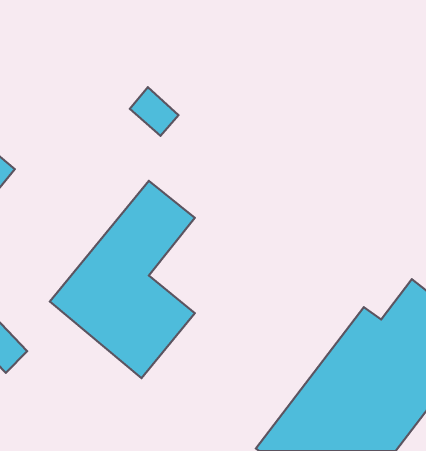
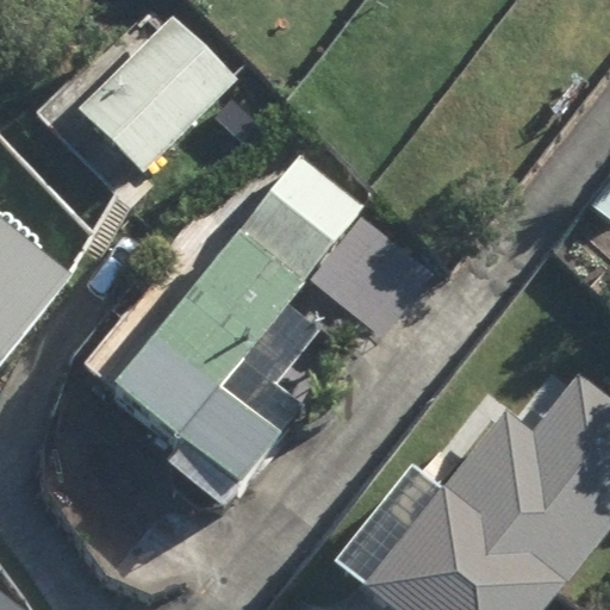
building: none -> [66,20,228,181]
building: none -> [232,163,355,288]

